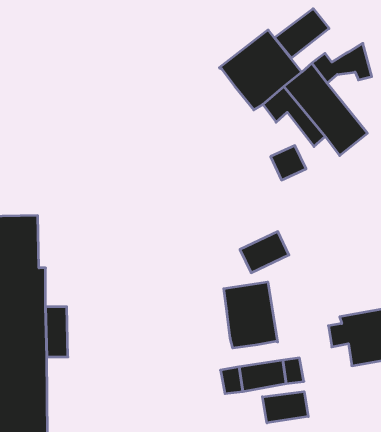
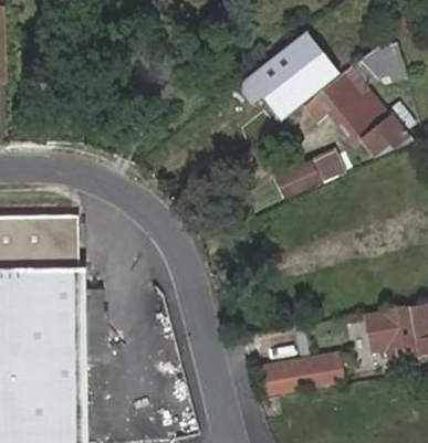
building: [274,9,329,58] -> none
building: [240,232,289,273] -> [271,158,320,199]
building: [224,282,278,348] -> none
building: [262,392,308,423] -> none

